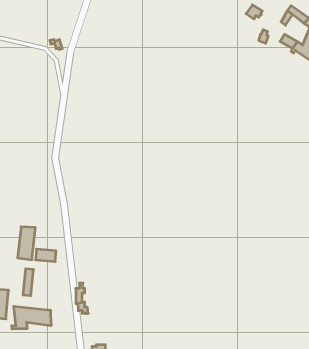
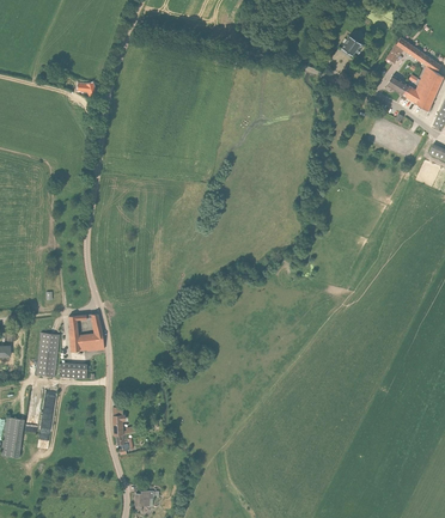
building: none -> [68,313,104,352]
building: [12,306,51,329] -> none

